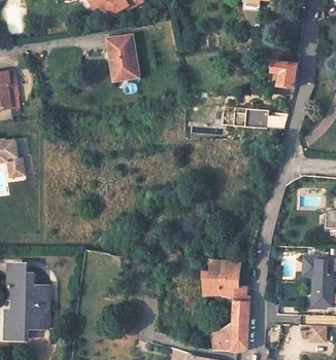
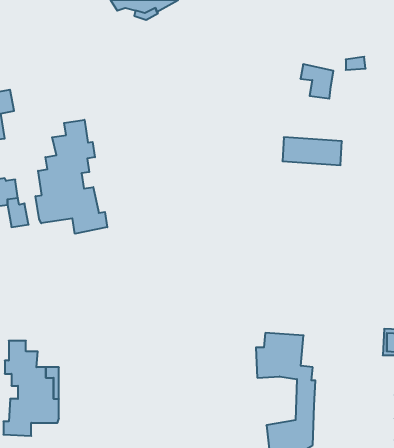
building: [107,35,136,79] -> none
building: [271,60,297,86] -> [300,64,333,99]
building: none -> [36,120,107,234]

